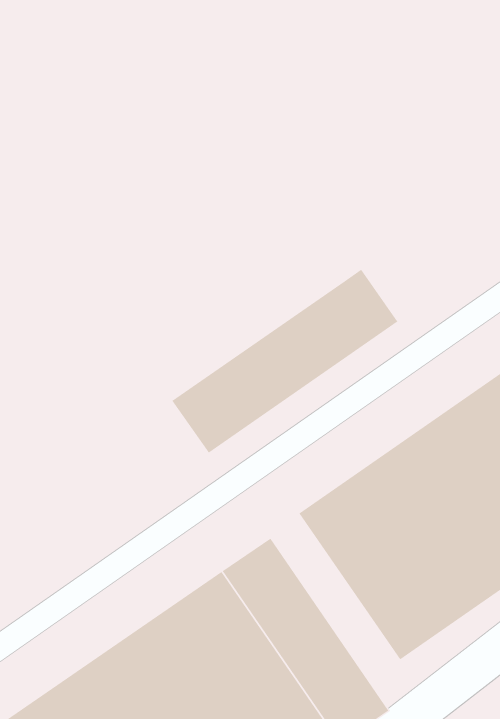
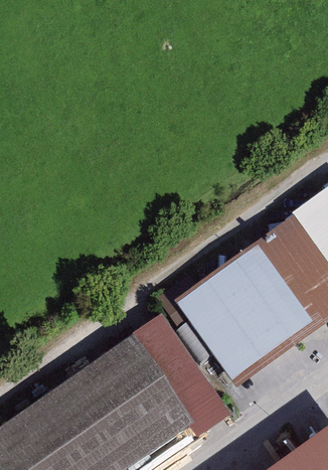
building: [172,269,398,453] -> none

